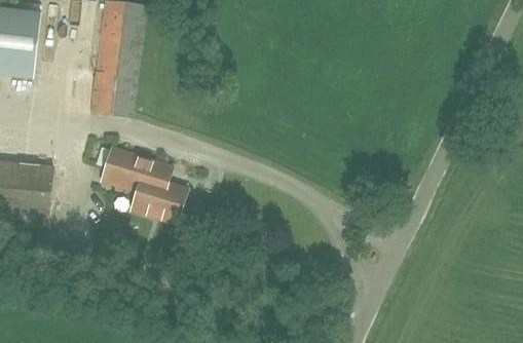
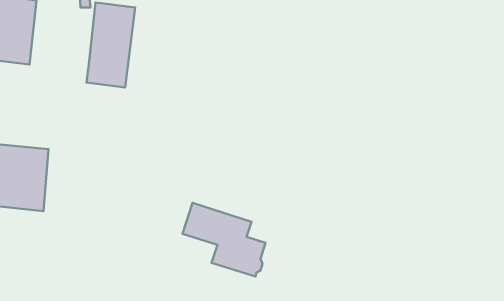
building: [100,147,185,223] -> [183,203,265,277]

